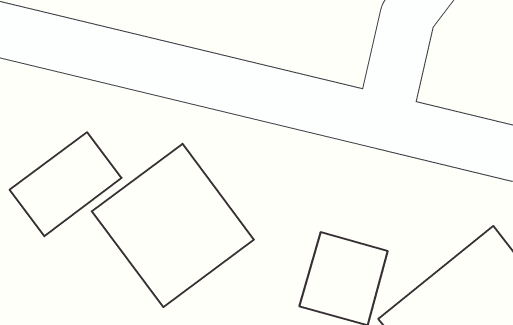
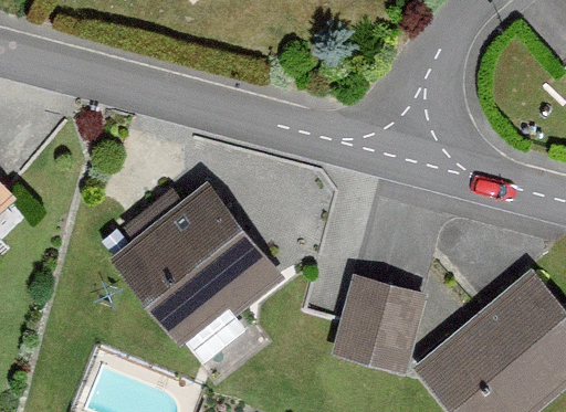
building: [10,132,122,236] -> none

